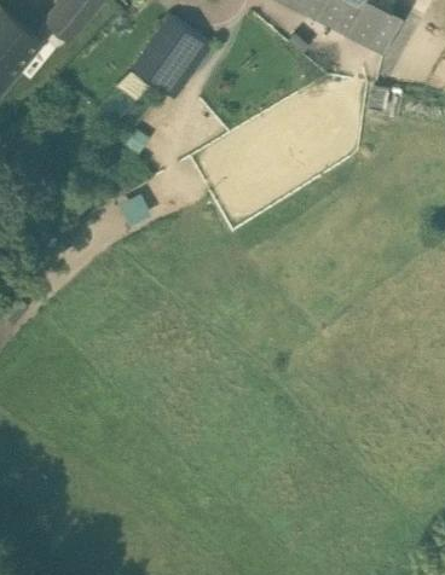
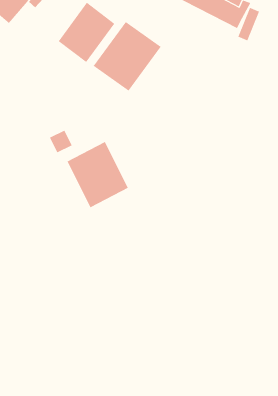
building: none -> [93,21,161,91]
building: none -> [67,141,129,208]

